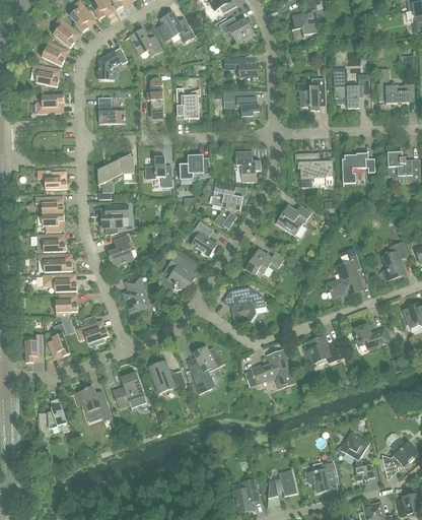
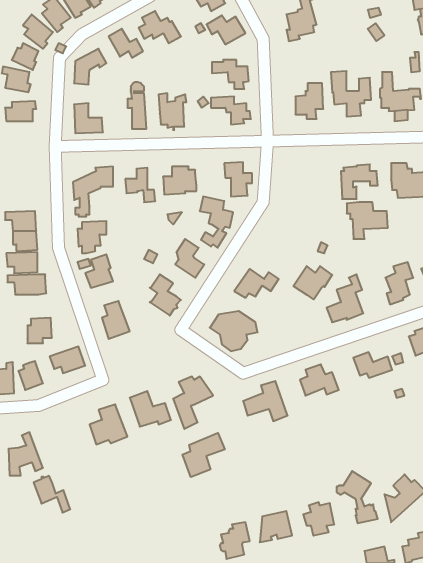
building: [294,152,332,186] -> [347,202,388,239]
building: [38,171,66,189] -> none
building: [275,204,310,235] -> [293,266,332,299]
building: [42,272,76,291] -> none
building: [77,386,111,419] -> [34,476,70,513]
building: none -> [182,433,225,477]

